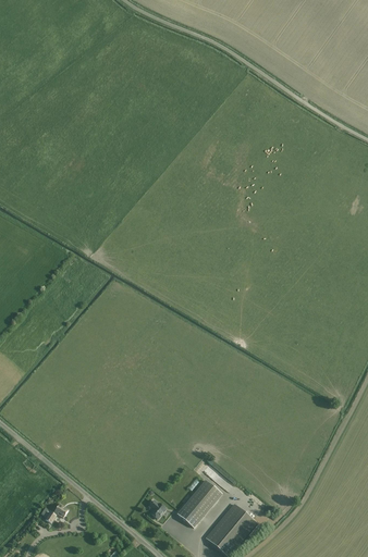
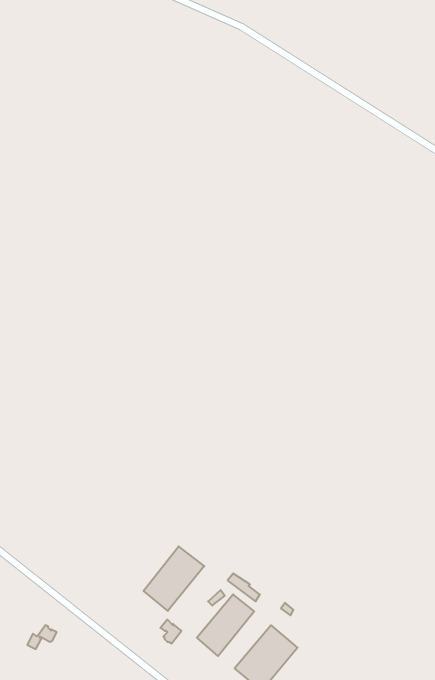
building: none -> [144,546,204,611]

